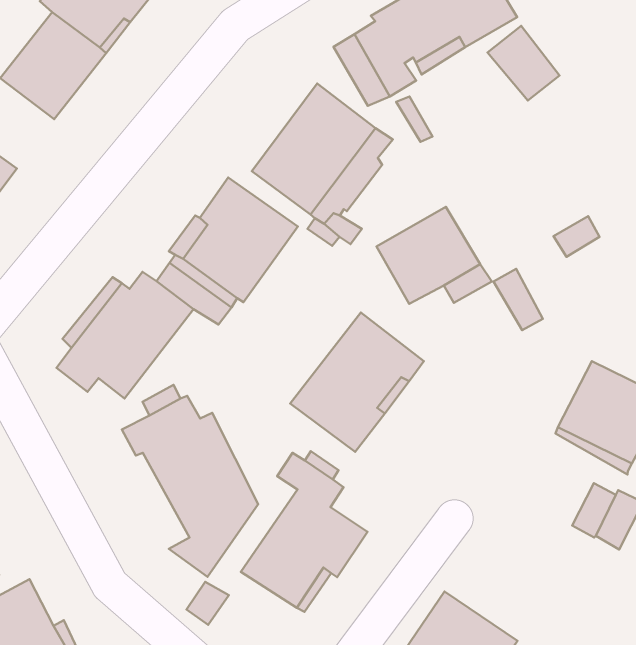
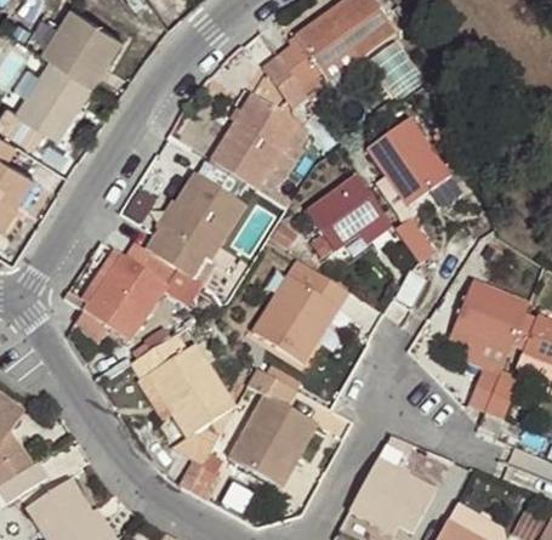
building: none -> [364,119,449,206]

